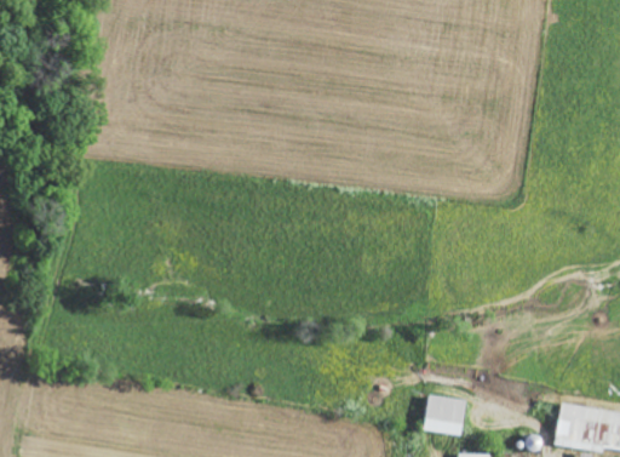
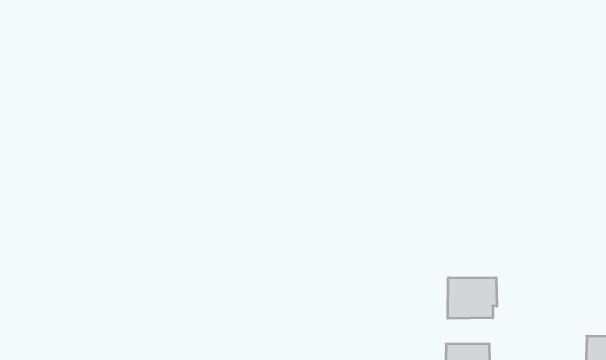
building: none -> [448,278,497,318]

